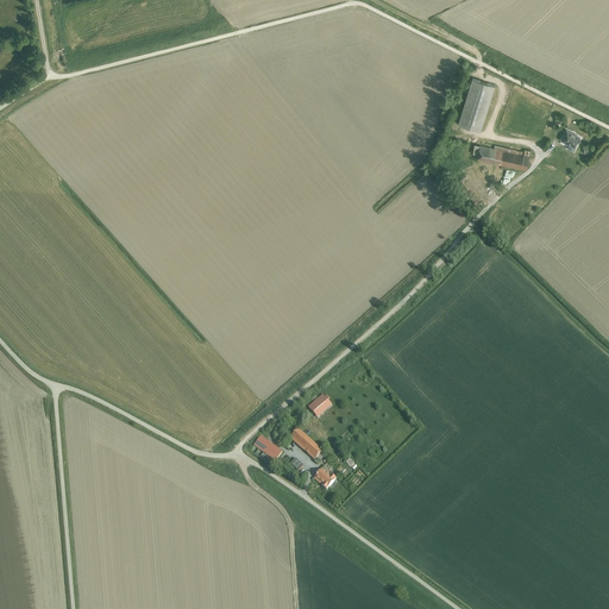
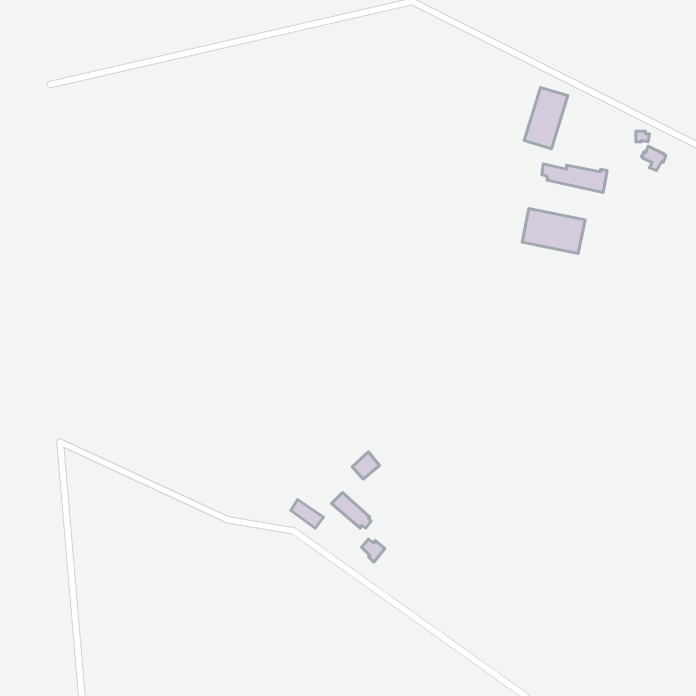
building: none -> [522,209,585,253]

